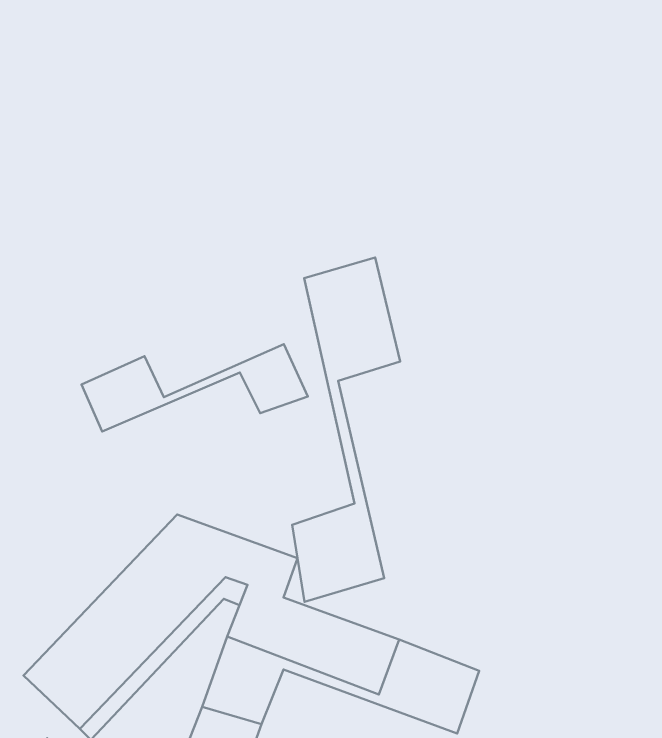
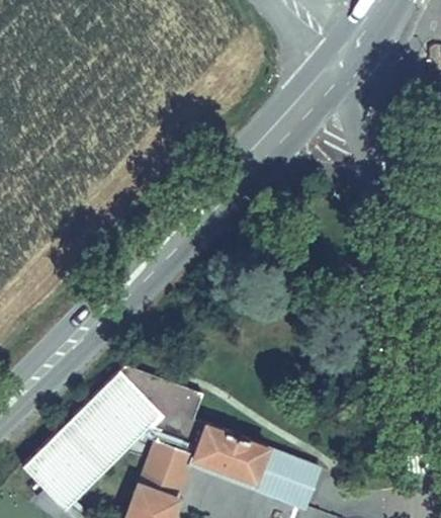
building: [292,258,400,602] -> none
building: [81,344,308,431] -> none

